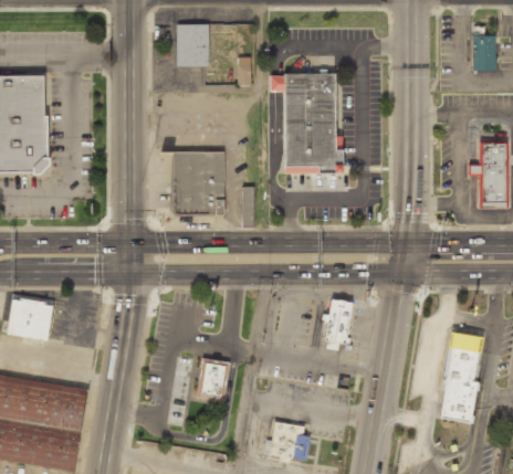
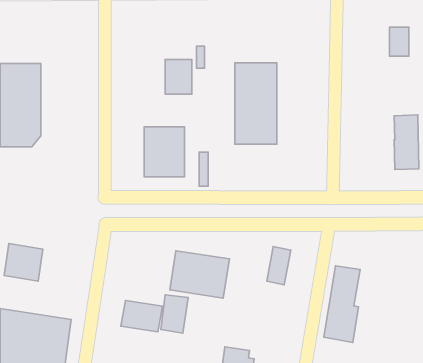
building: [175,23,207,65] -> [165,59,192,94]
building: none -> [170,251,229,298]
building: [437,335,481,428] -> [324,266,360,343]
building: none -> [121,301,162,332]

